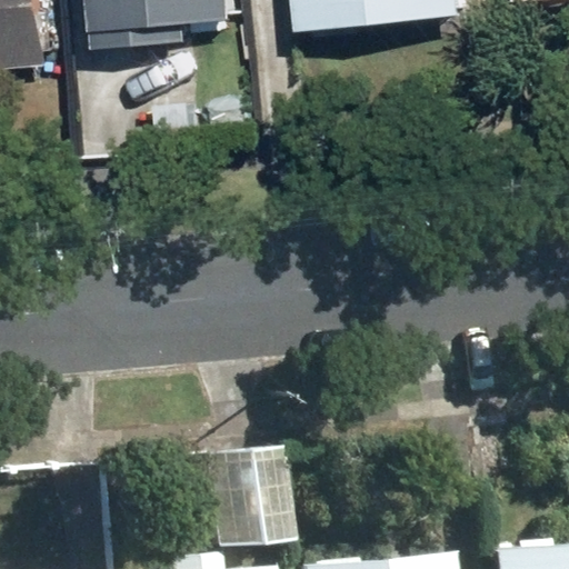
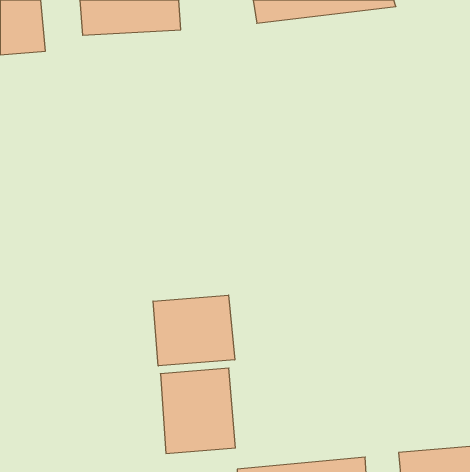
building: none -> [153,295,235,366]

